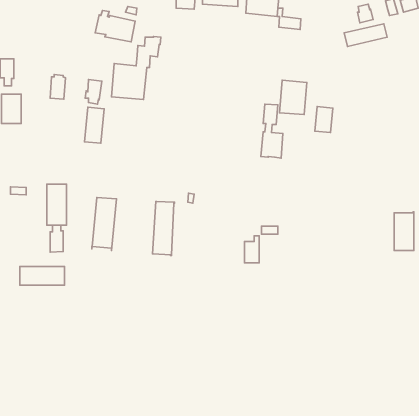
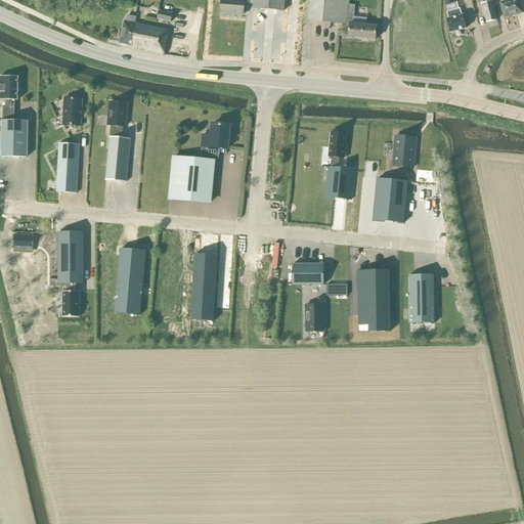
building: [344,24,387,46] -> none
building: [112,36,161,99] -> [170,121,231,200]
building: [280,80,307,114] -> [374,177,407,220]
building: none -> [56,140,80,190]
building: none -> [293,261,323,282]
building: [394,212,414,250] -> [409,271,434,319]
building: none -> [358,267,390,330]
building: [20,266,65,285] -> none

